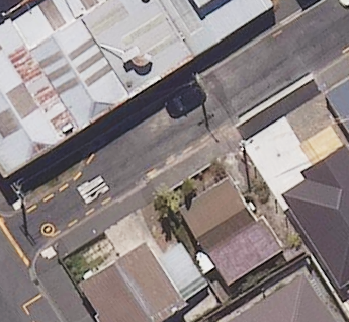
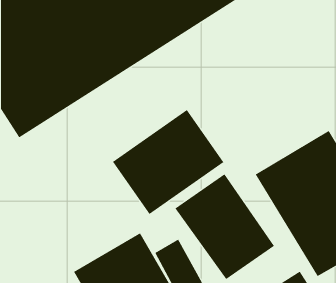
building: none -> [112,109,224,215]

